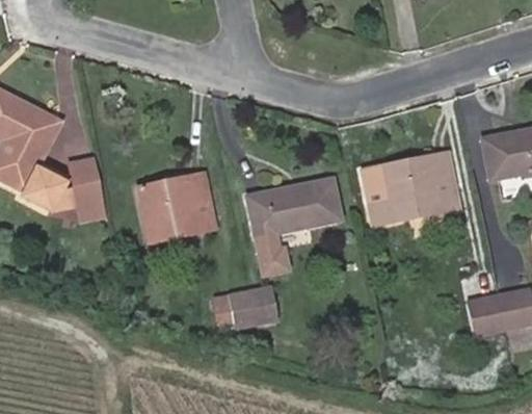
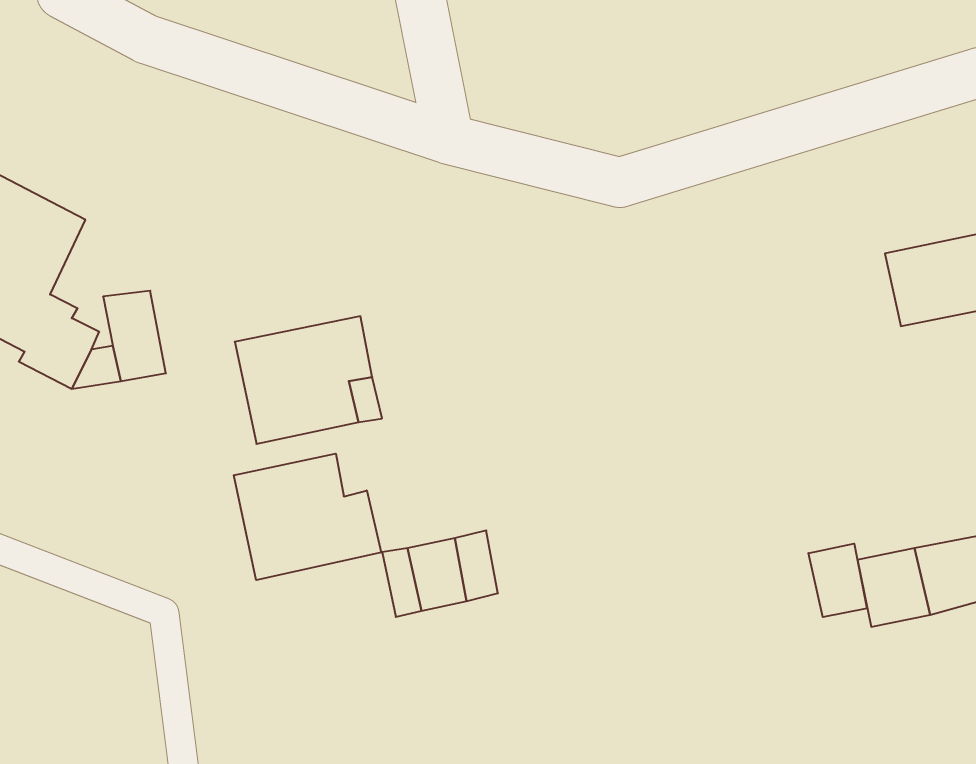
building: [368,155,456,225] -> none
building: [246,179,340,274] -> none
building: none -> [234,454,381,580]
building: none -> [808,544,867,617]

